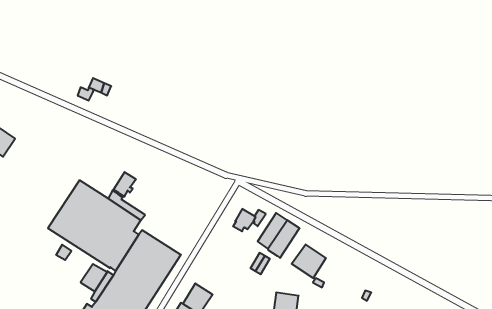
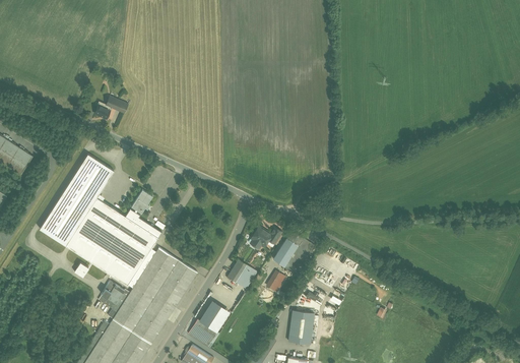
building: none -> [39,155,114,246]
building: none -> [226,259,256,289]
building: [292,244,326,278] -> none

